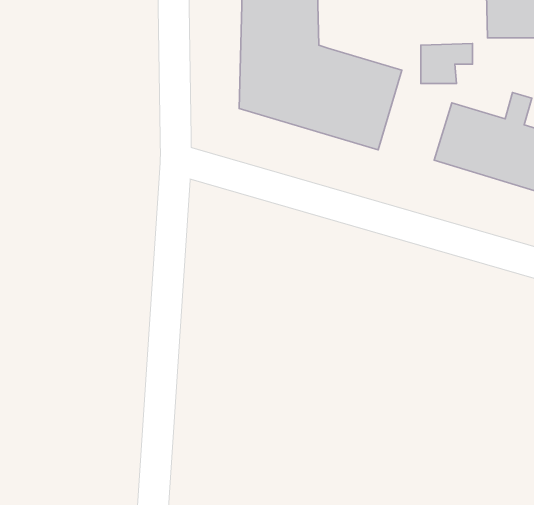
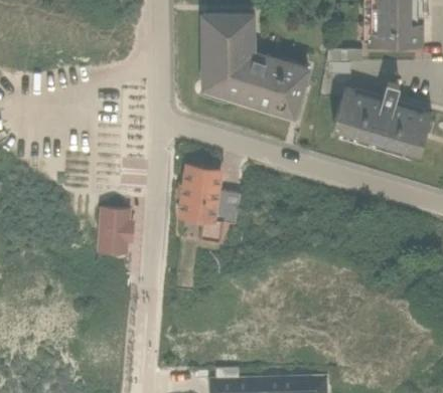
building: none -> [174,163,240,244]
building: none -> [97,209,133,255]

